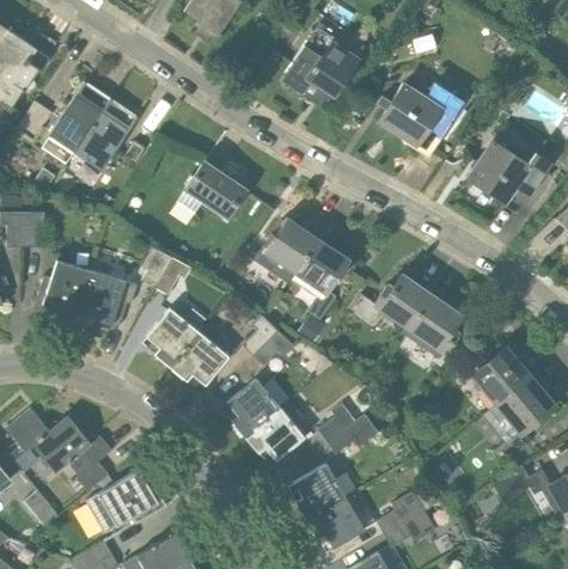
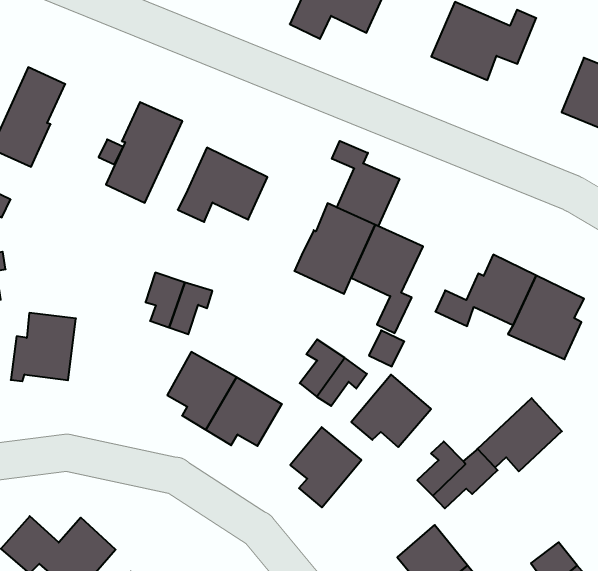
building: [74,98,138,172] -> [106,102,182,203]
building: none -> [332,141,399,226]
building: [75,270,136,328] -> none
building: none -> [477,398,562,471]
building: [245,408,305,461] -> [351,375,431,447]

